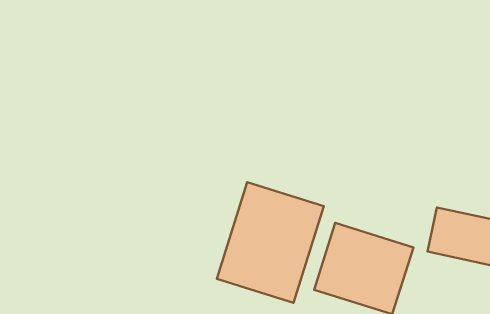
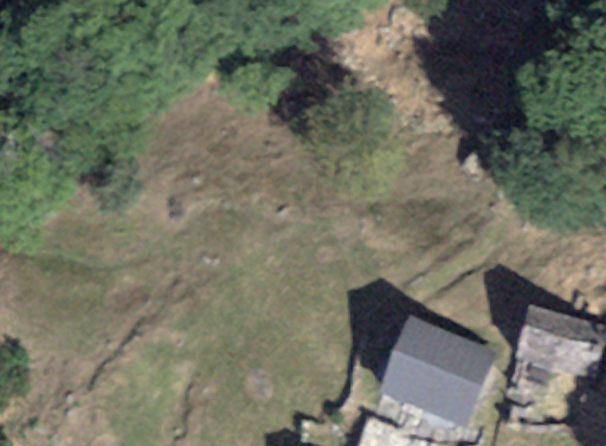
building: [217,182,324,303] -> none

